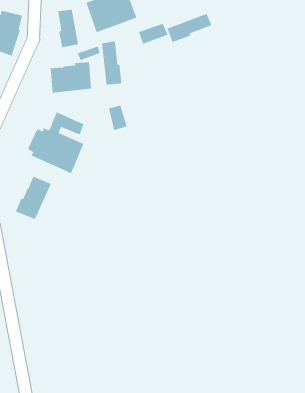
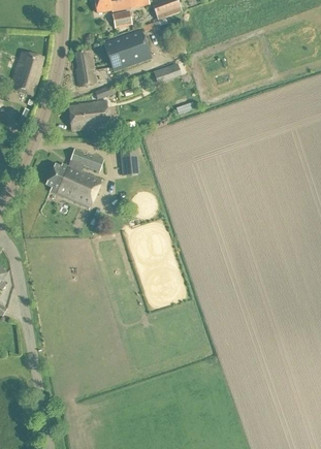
building: [167,13,212,43] -> none
building: [101,41,122,85] -> none
building: [15,176,51,220] -> none

